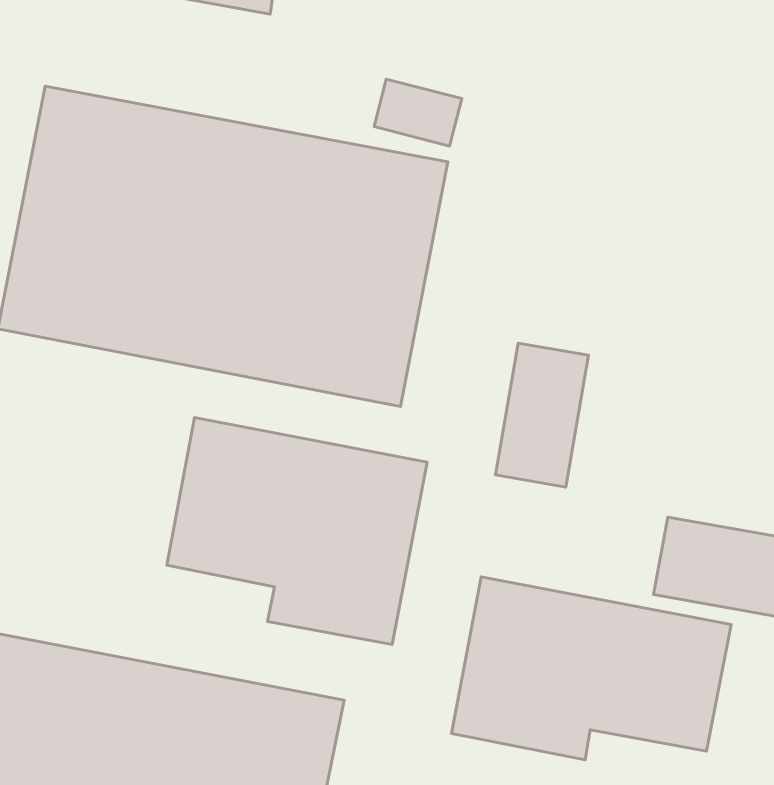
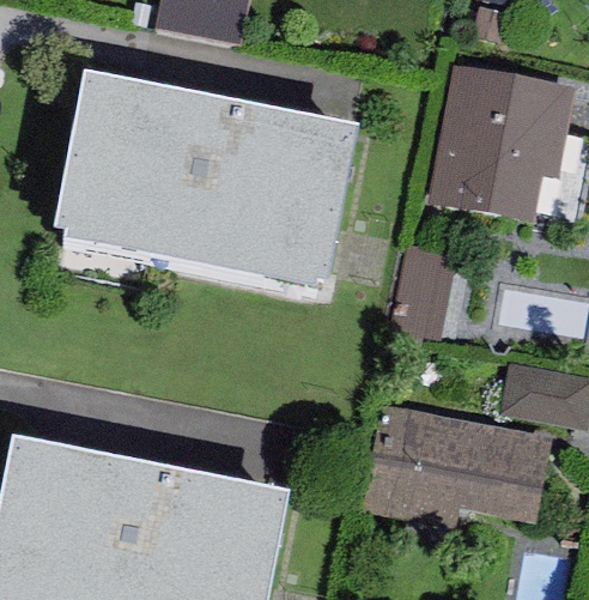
building: none -> [427,66,575,226]
building: [167,417,427,644] -> none

